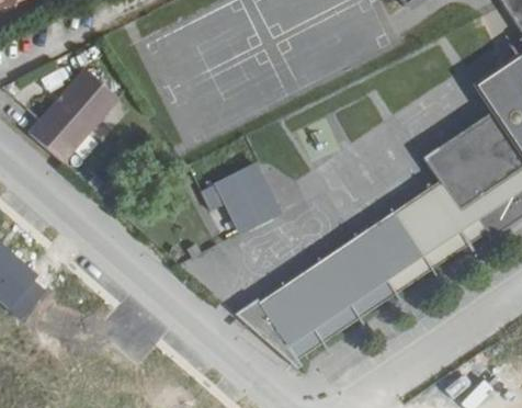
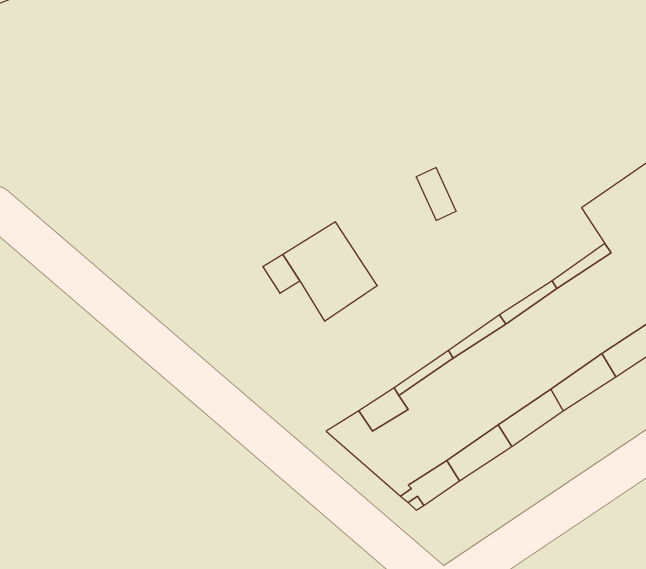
building: [37,63,127,155] -> none

